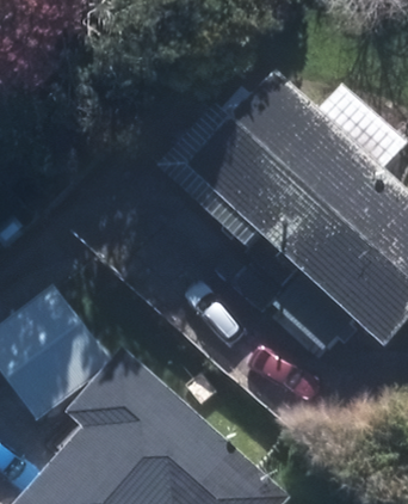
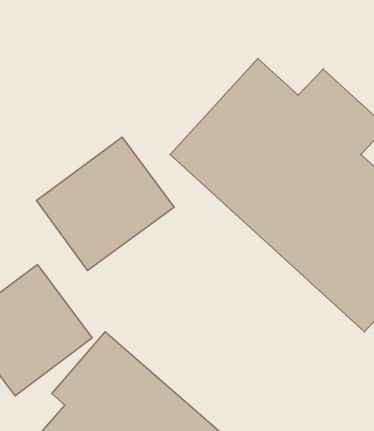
building: none -> [37,137,174,270]

